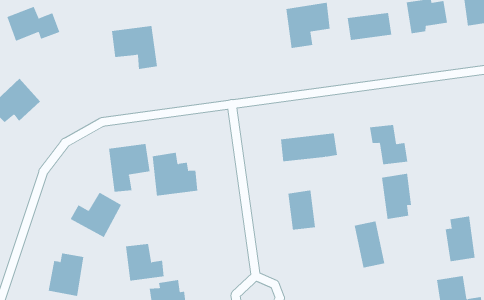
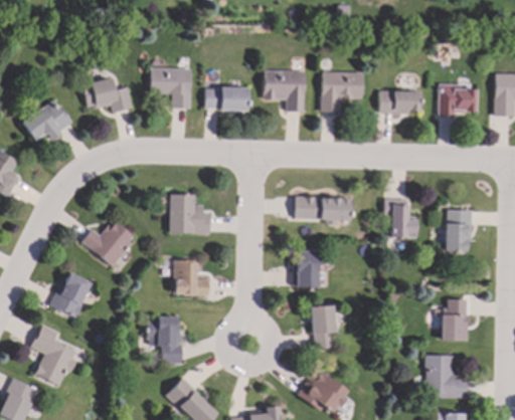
building: [7,6,60,41] -> [82,78,132,112]
building: none -> [264,70,305,112]
building: none -> [205,87,247,111]
building: [108,143,150,193] -> none
building: [381,173,412,219] -> [445,210,472,251]
building: [354,221,385,268] -> [311,305,335,349]
building: [125,244,164,281] -> [174,260,209,295]

